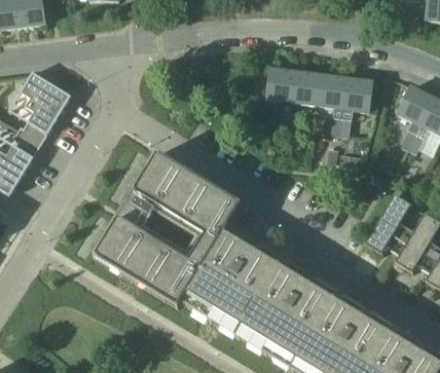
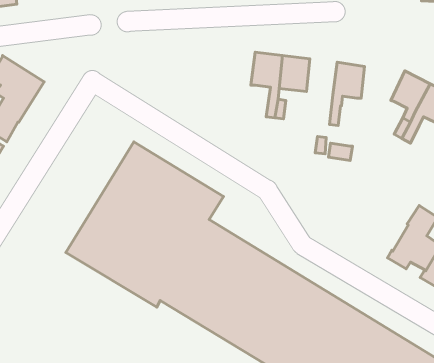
building: [319,74,347,136] -> none
building: [364,193,414,255] -> none

